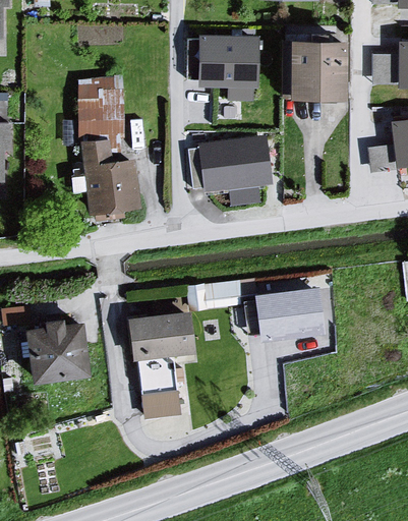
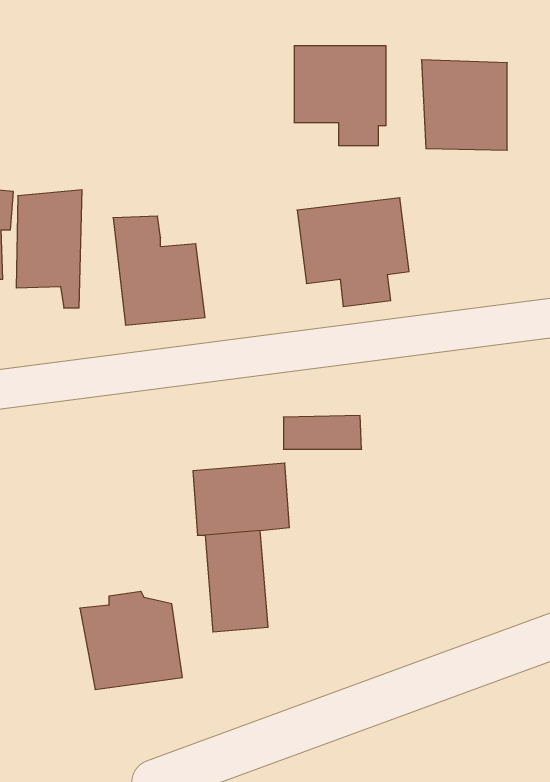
building: [78,79,122,158] -> [16,190,82,308]
building: [256,281,326,338] -> none
building: [18,321,86,386] -> [80,591,182,690]

